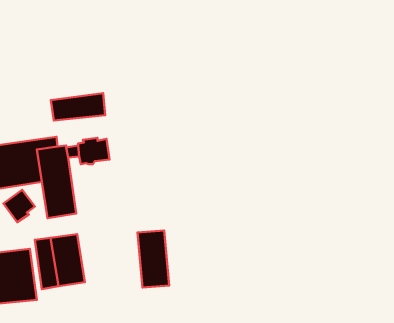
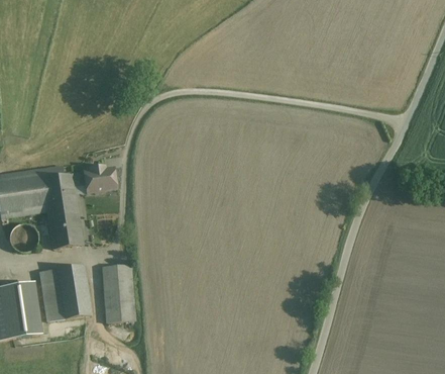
building: [51,93,105,120] -> none
building: [138,231,169,288] -> [101,265,133,323]

